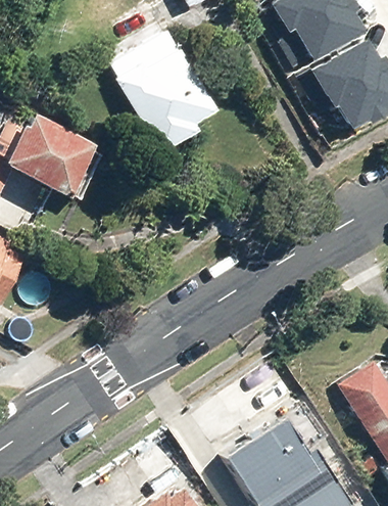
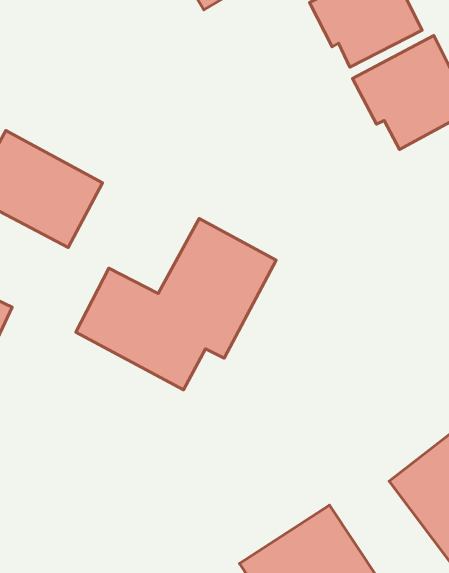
building: [103,25,225,157] -> none
building: none -> [76,219,276,390]

